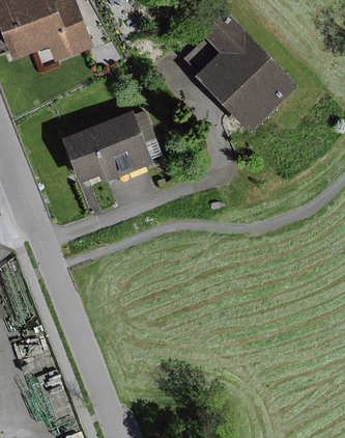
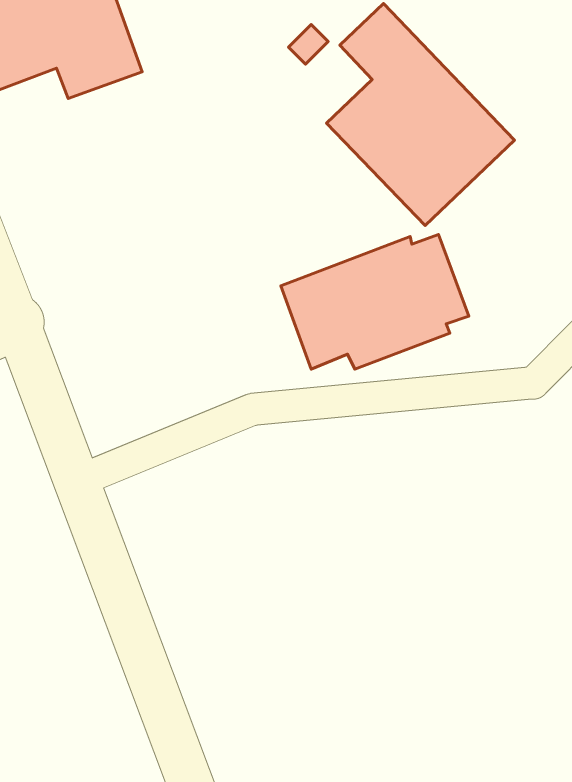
building: [59,110,162,184] -> [281,235,469,369]

